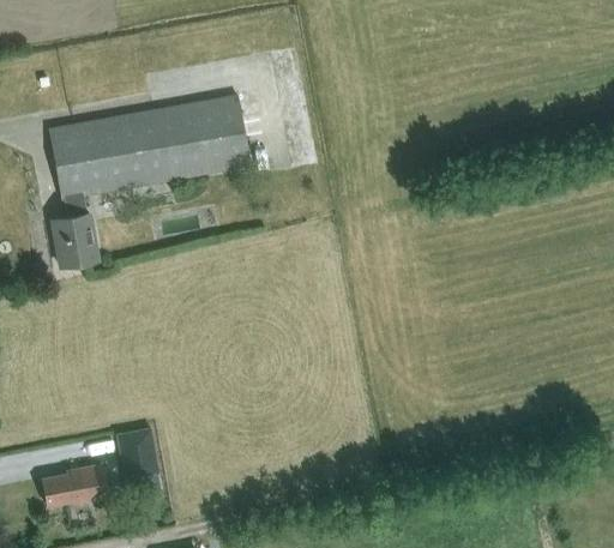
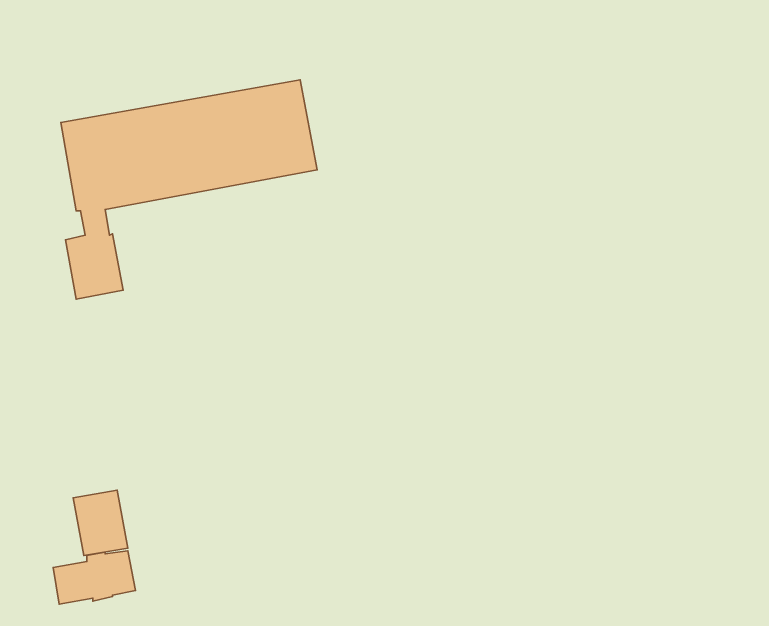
building: [115,427,158,478] -> [73,490,128,556]

